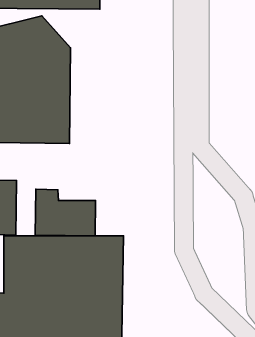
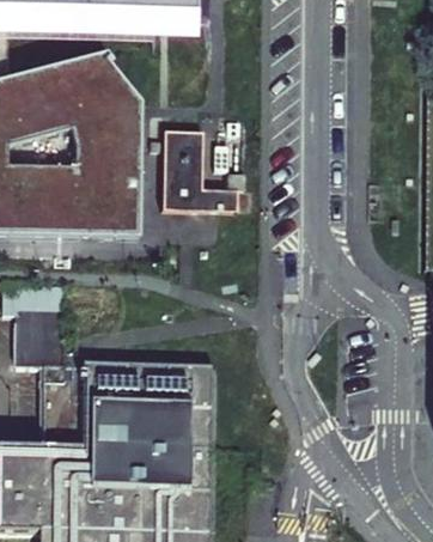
building: none -> [160,126,243,205]
building: [35,189,95,236] -> none

